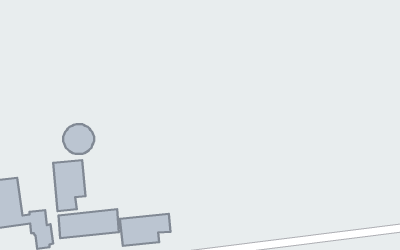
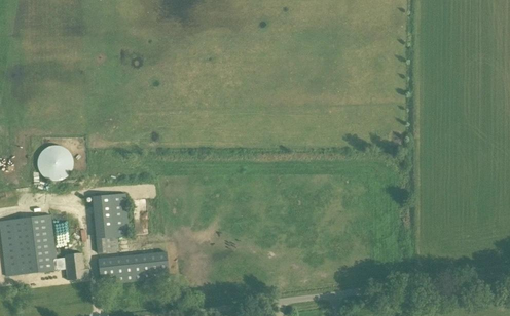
building: [63,124,94,154] -> [37,145,73,180]
building: [120,214,171,246] -> none

